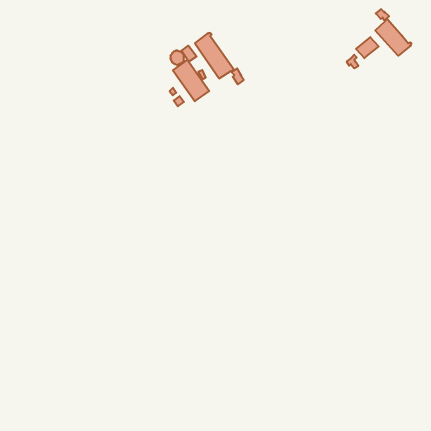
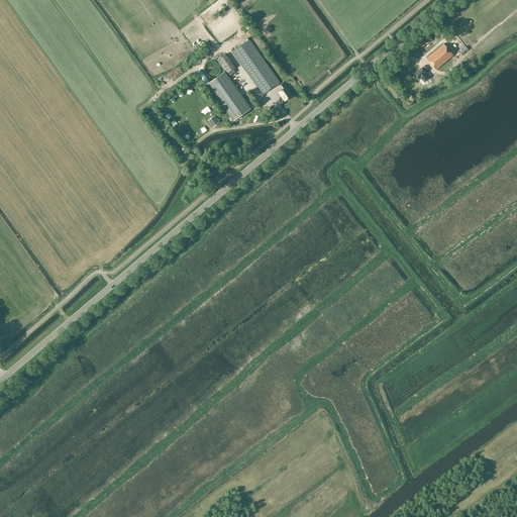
building: [375,9,411,56] -> none

